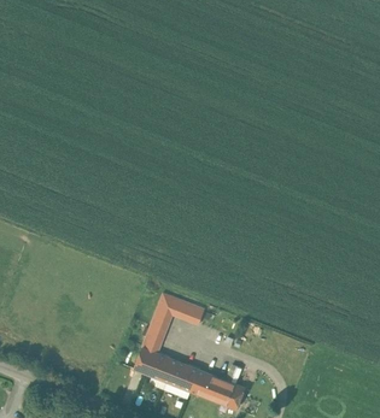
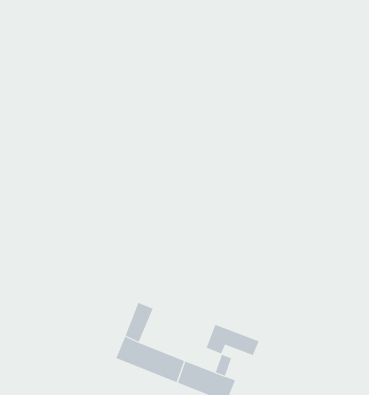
building: [154,295,204,325] -> [206,324,259,357]

